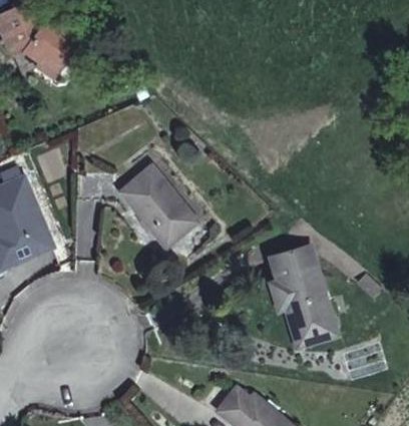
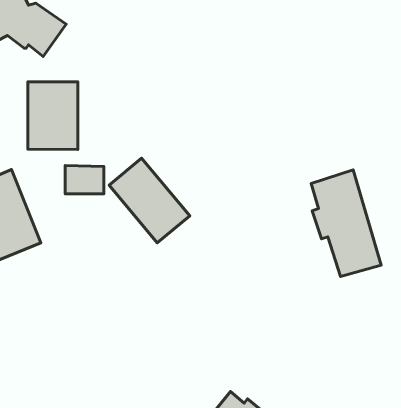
building: none -> [28,82,78,149]
building: [269,245,336,347] -> [311,170,381,277]

